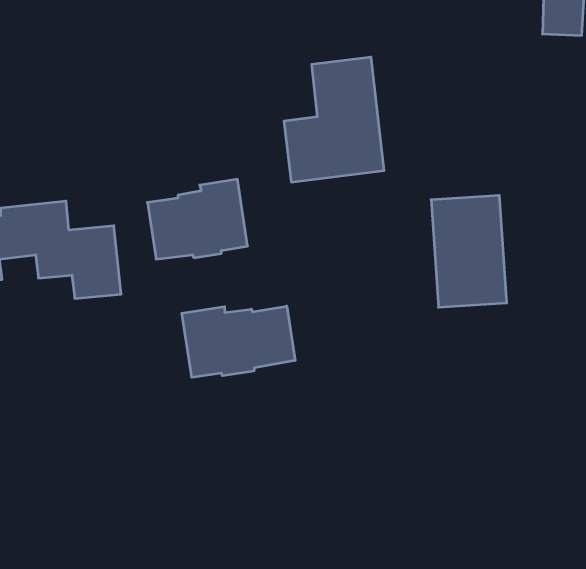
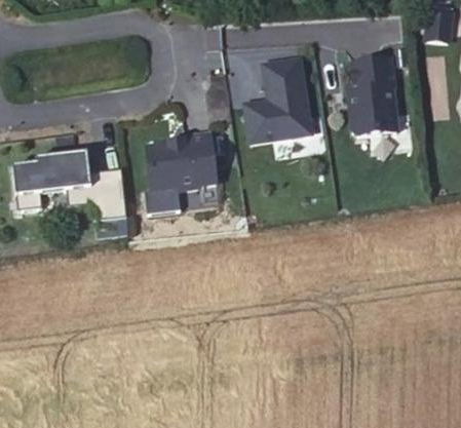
building: [431,195,507,307] -> [345,51,398,130]
building: [182,306,295,377] -> none

